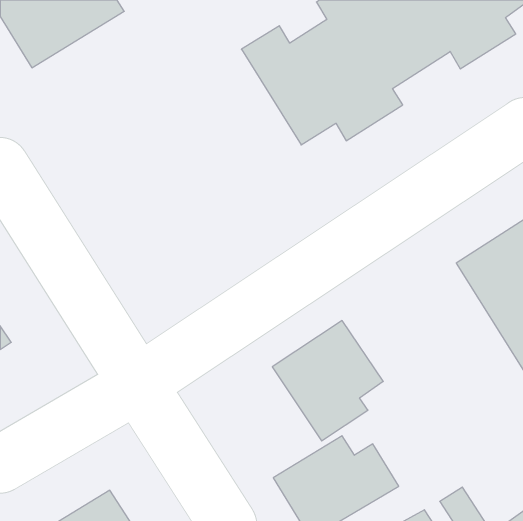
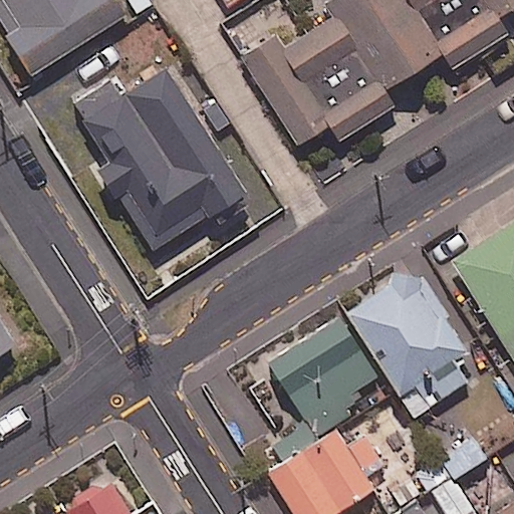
building: none -> [77,52,253,251]
building: none -> [345,268,466,417]

